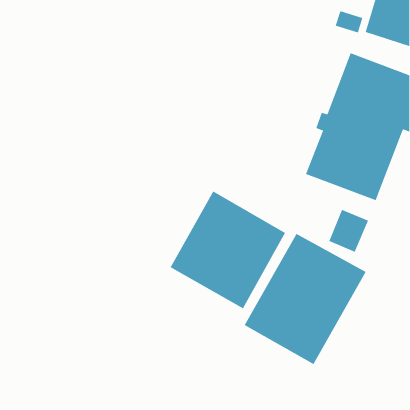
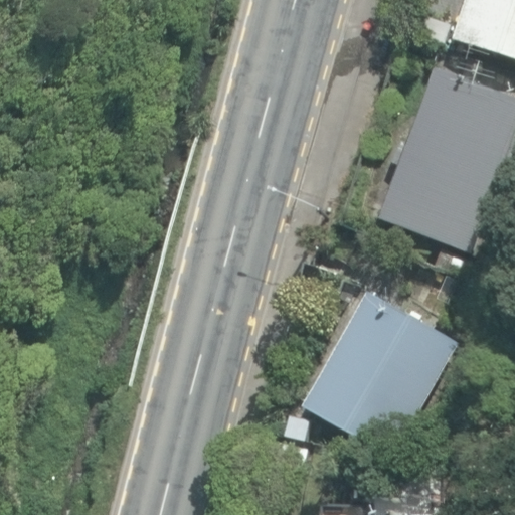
building: [170,191,286,309] -> none

